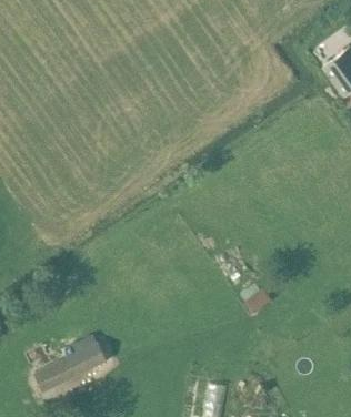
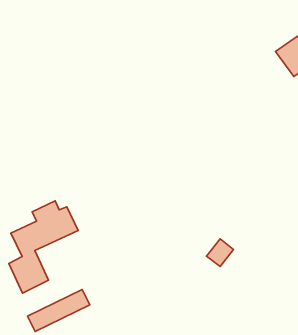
building: none -> [9,201,78,293]

